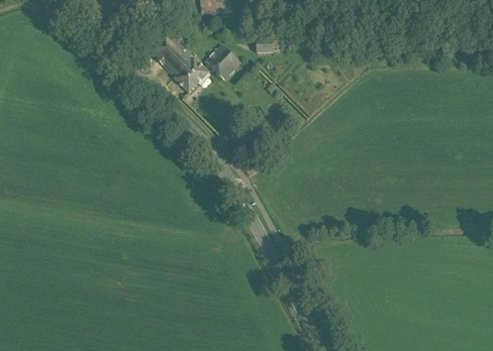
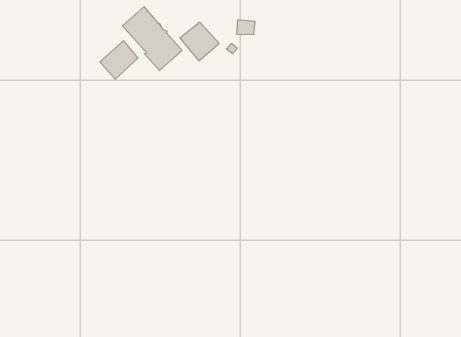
building: none -> [100,41,138,79]

